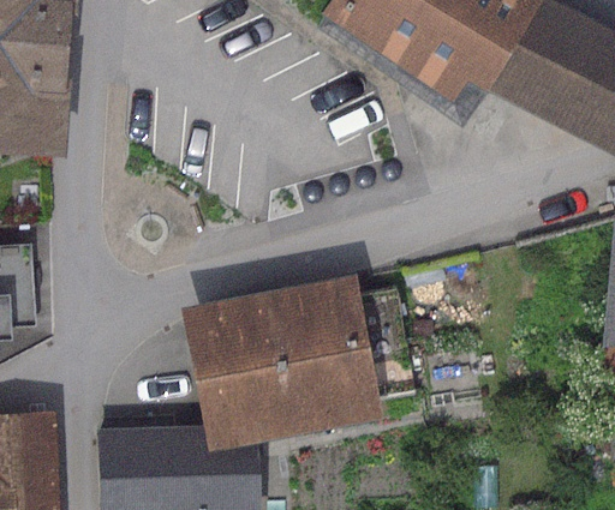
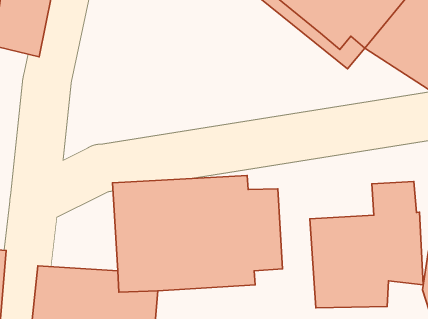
building: none -> [310,182,423,308]

